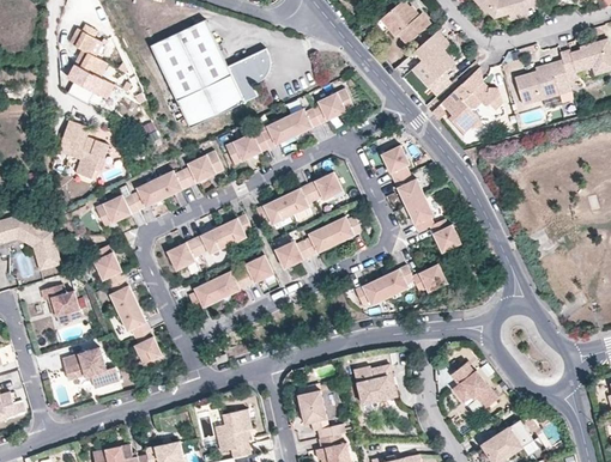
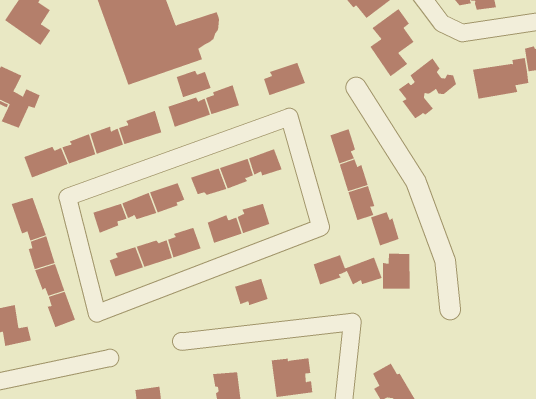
building: [288,108,322,135] -> [176,70,211,98]
building: [328,215,362,244] -> none
building: none -> [382,253,410,289]
building: [356,278,389,305] -> [234,278,268,306]

